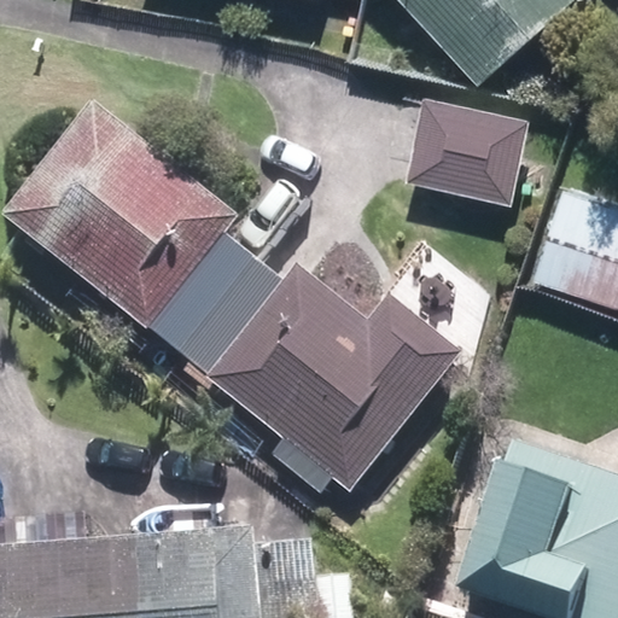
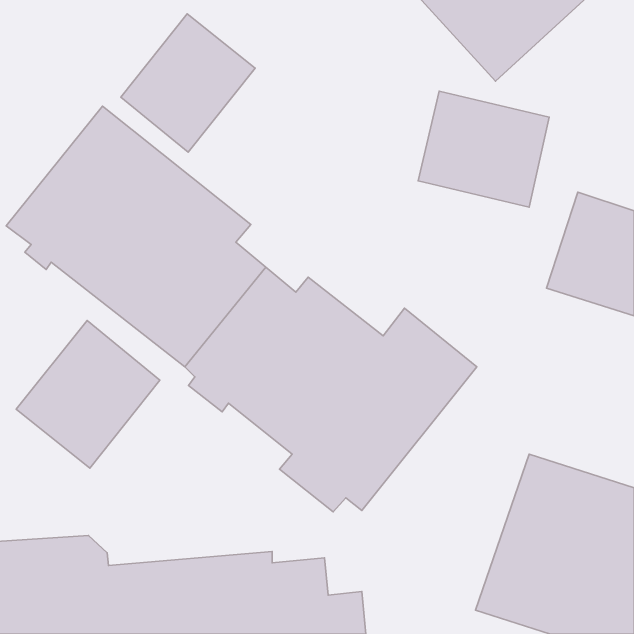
building: none -> [121,14,255,152]
building: none -> [16,320,160,468]

